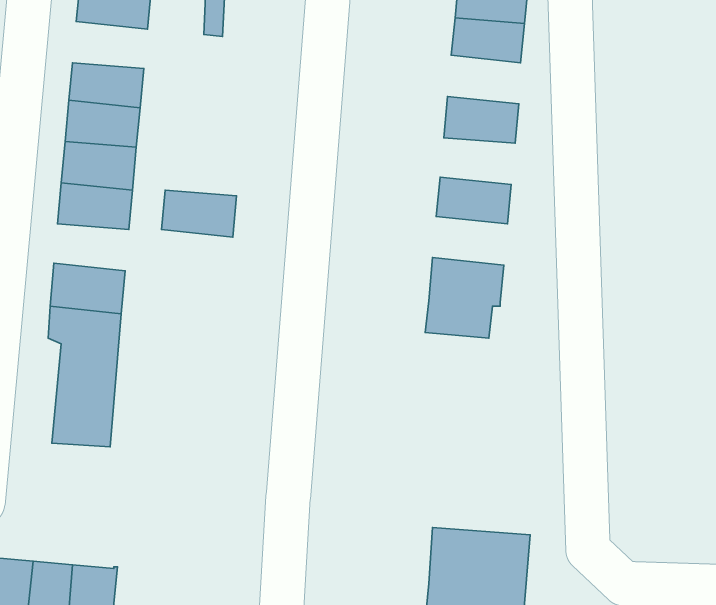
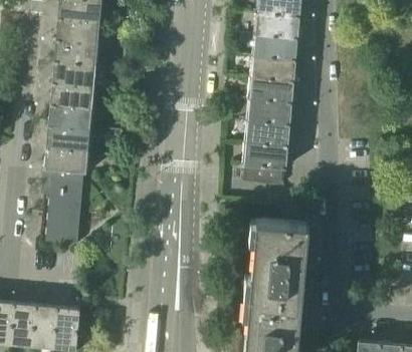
building: none -> [56,16,96,41]
building: none -> [257,34,296,60]
building: none -> [253,78,293,103]
building: [162,190,237,237] -> [46,124,86,149]
building: none -> [249,120,289,146]
building: none -> [249,219,307,291]

